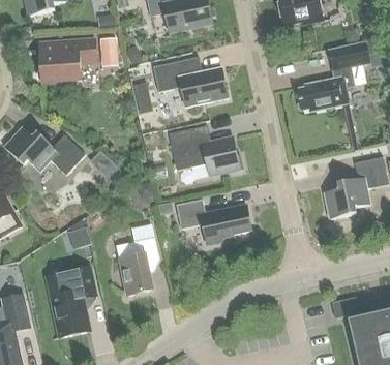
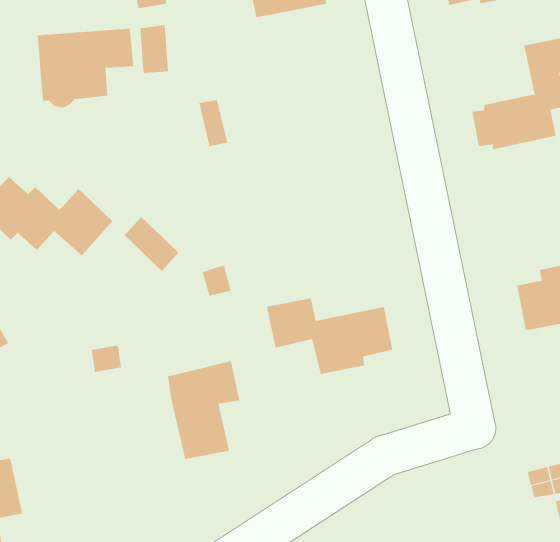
building: [152,59,228,107] -> none
building: [169,127,242,175] -> none
building: [46,267,94,336] -> none

